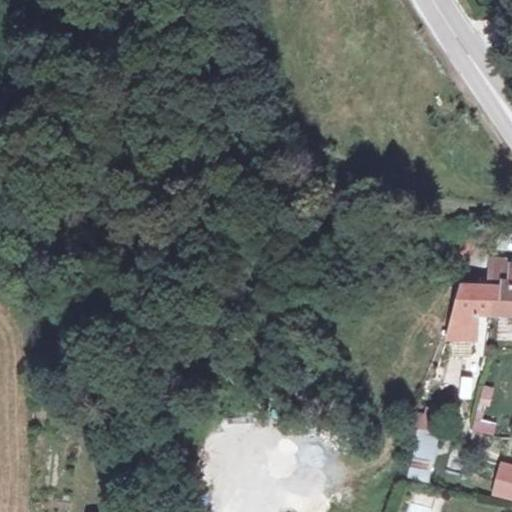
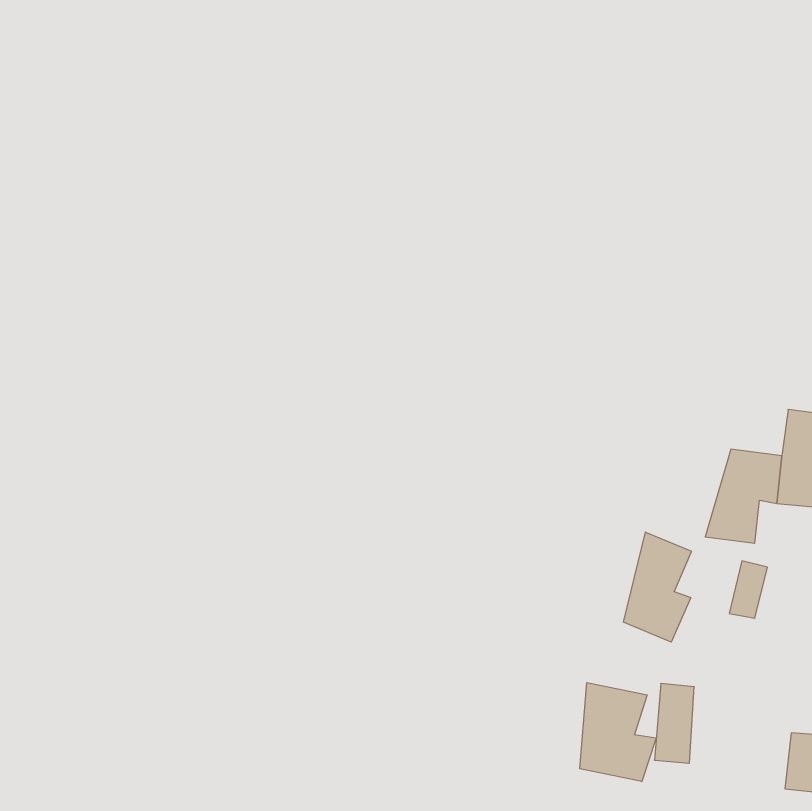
building: none -> [624,532,692,642]
building: none -> [580,683,656,782]

